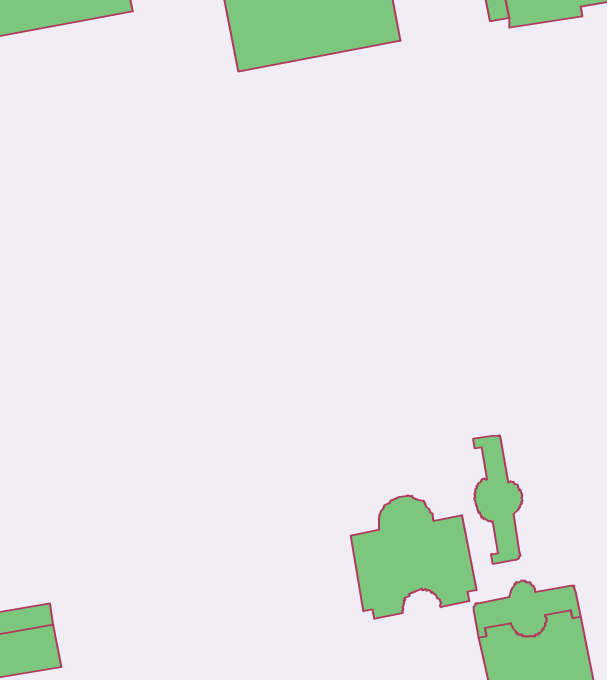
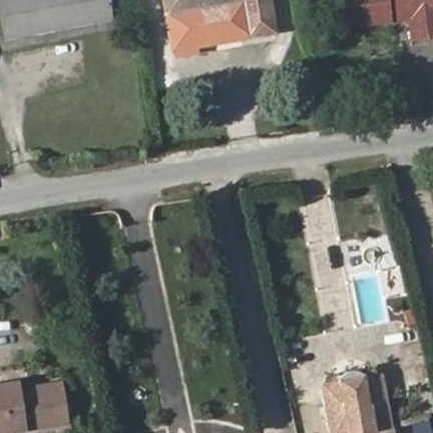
building: [473,435,522,564] -> none
building: [351,495,476,619] -> none

